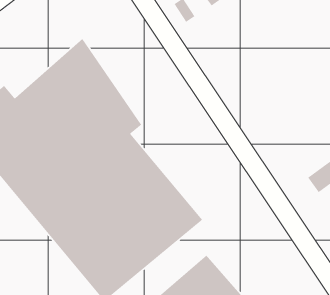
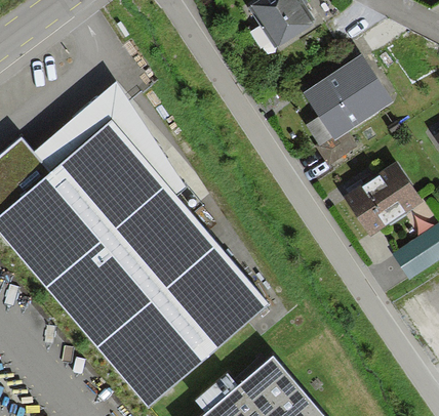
building: none -> [303,63,387,173]
building: none -> [344,167,418,237]

